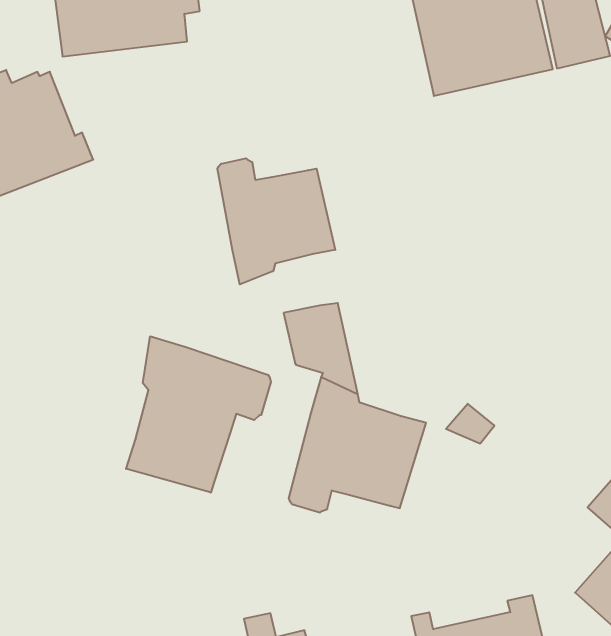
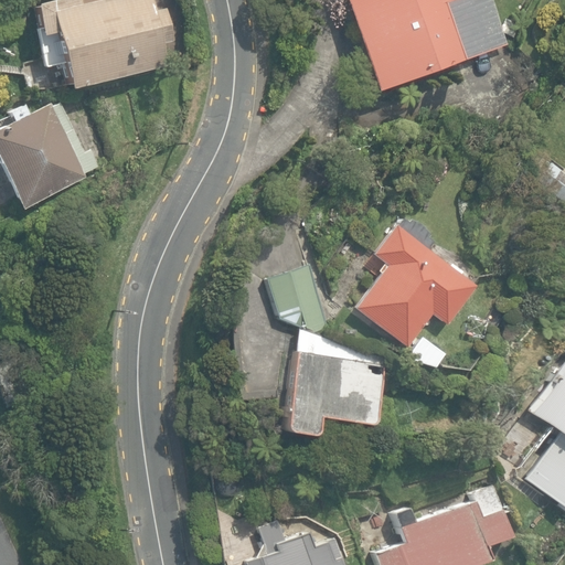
building: [217,158,335,284] -> none
building: none -> [355,214,478,344]
building: [126,336,271,493] -> none

